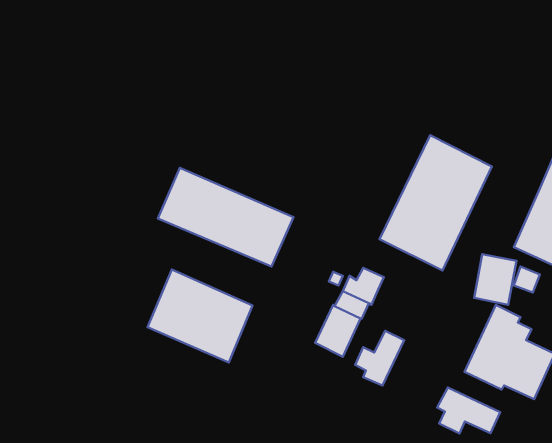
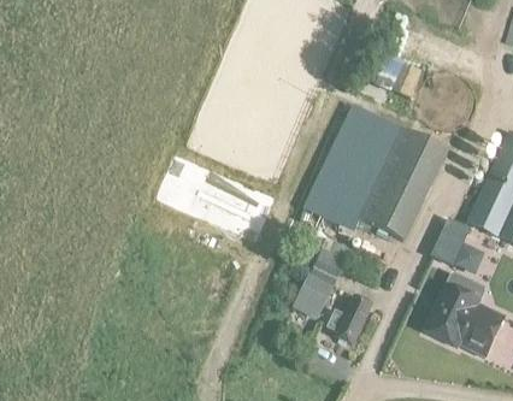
building: none -> [306,101,394,223]
building: [147,269,253,362] -> none
building: [437,388,500,433] -> none

